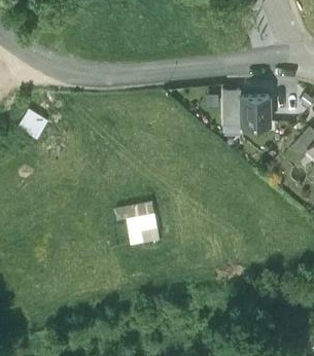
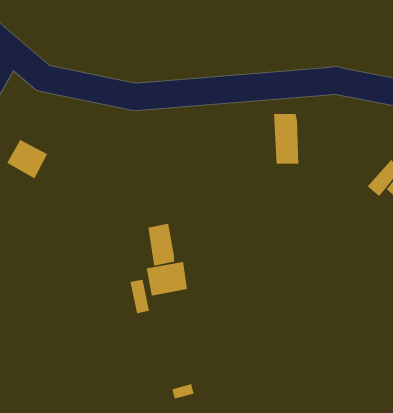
building: [240,96,272,130] -> none
building: none -> [148,223,175,266]

